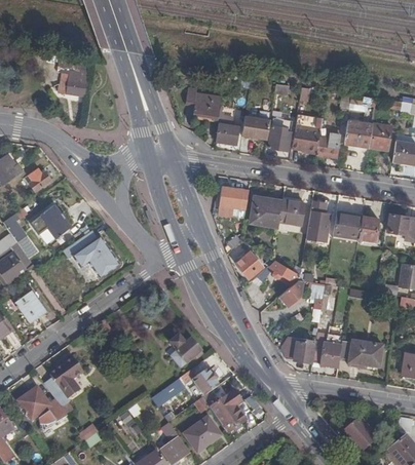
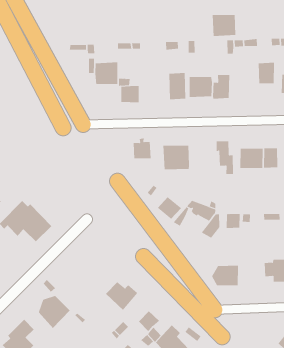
building: [240,115,270,139] -> none
building: [343,119,372,146] -> [212,15,236,36]
building: [279,198,304,224] -> none
building: [312,333,343,365] -> none
building: none -> [38,295,71,329]

